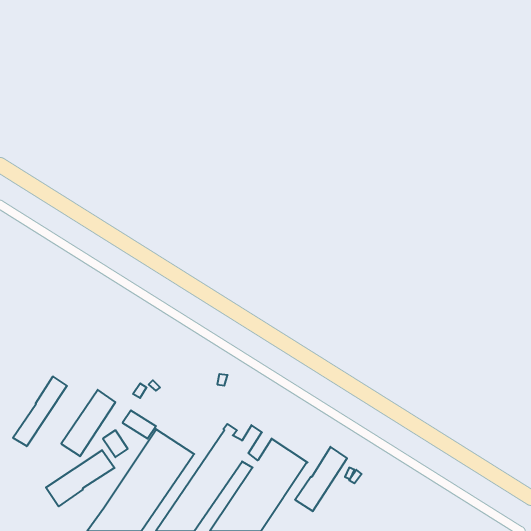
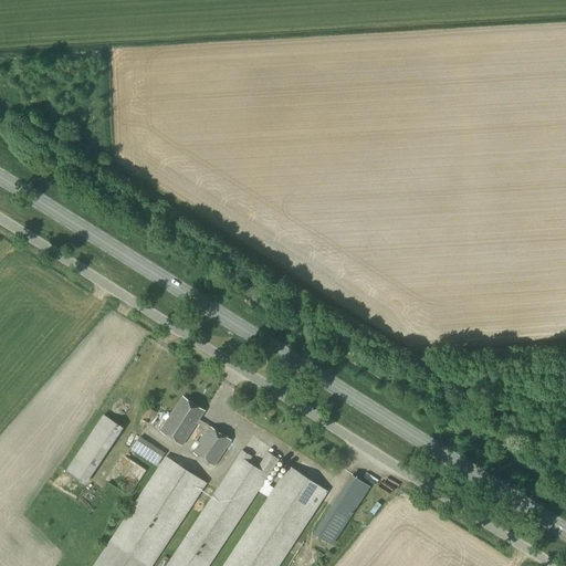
building: none -> [160,397,231,467]
building: [13,376,67,446] -> none
building: [46,450,115,506] -> none

